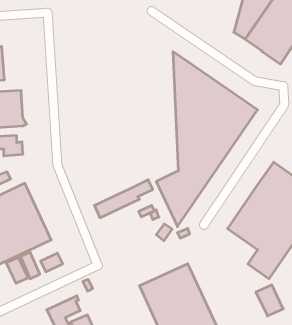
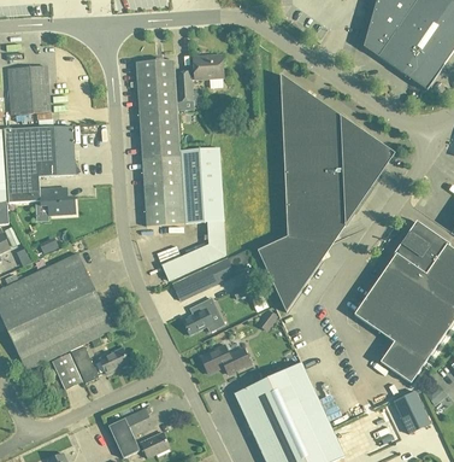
building: none -> [130,54,225,280]
building: none -> [181,297,218,334]
building: none -> [200,344,250,375]

